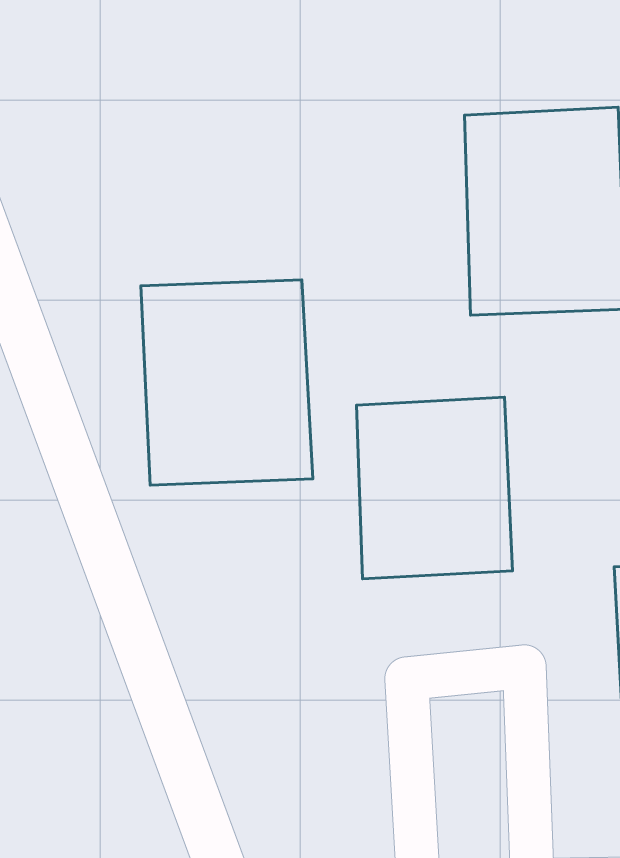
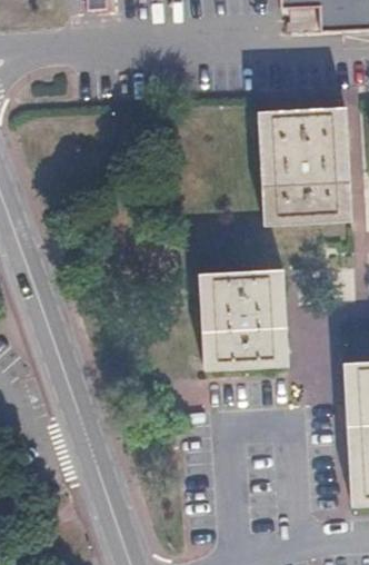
building: [141,280,313,485] -> none

